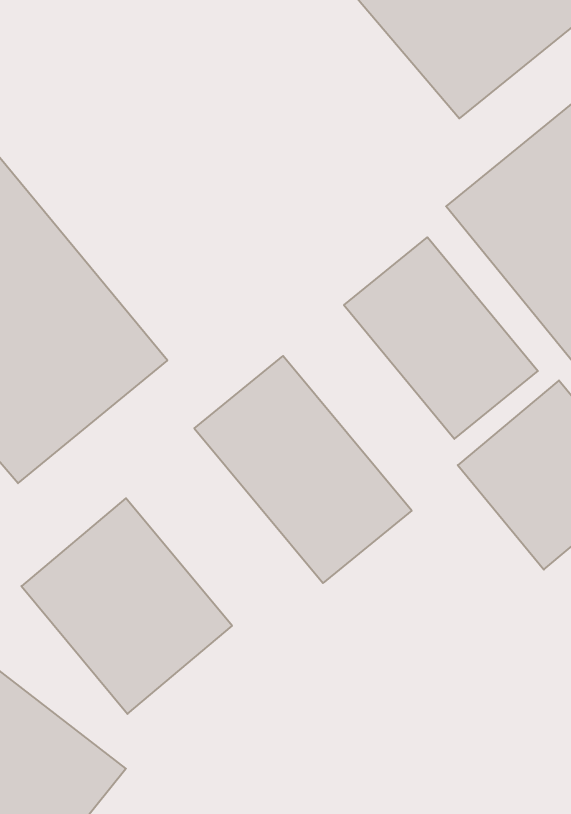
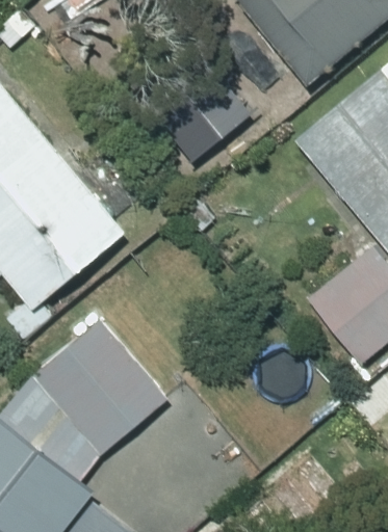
building: [344,237,538,439] -> none
building: [194,356,412,583] -> none

